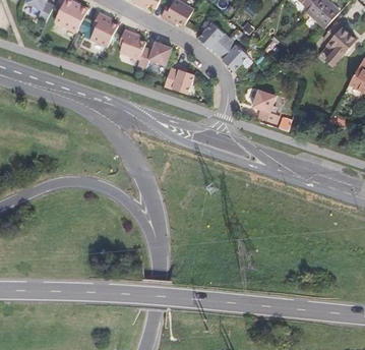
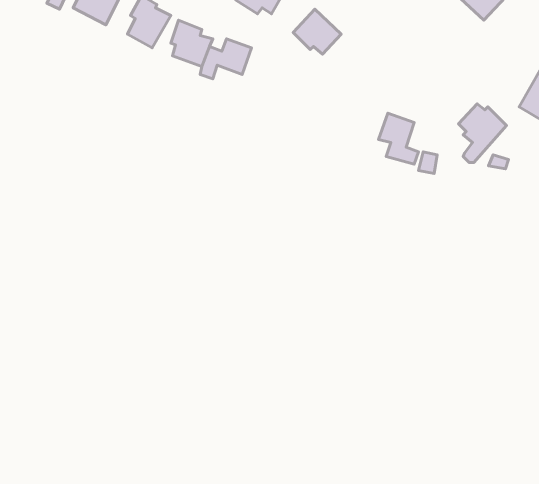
building: [322,26,354,65] -> [458,104,506,163]
building: [218,37,248,68] -> none
building: [164,66,193,93] -> none

